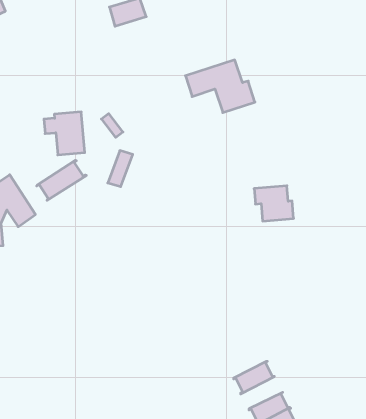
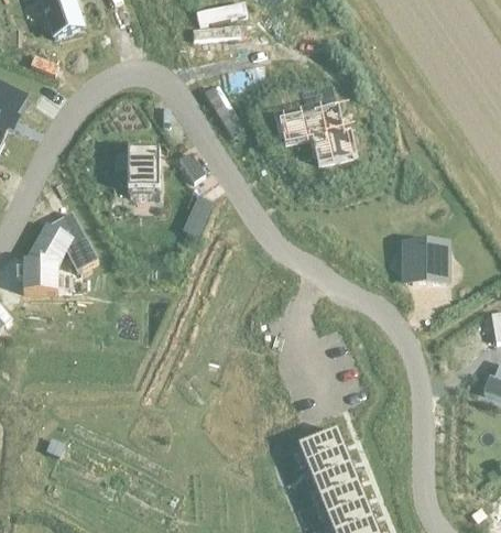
building: [37,160,86,200] -> none
building: [254,186,294,221] -> [404,242,446,280]
building: none -> [297,428,344,463]
building: none -> [312,465,359,499]

